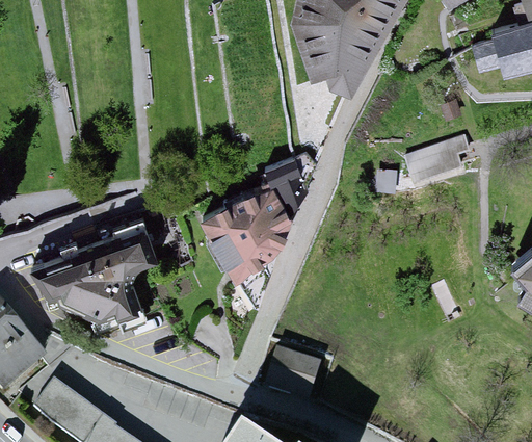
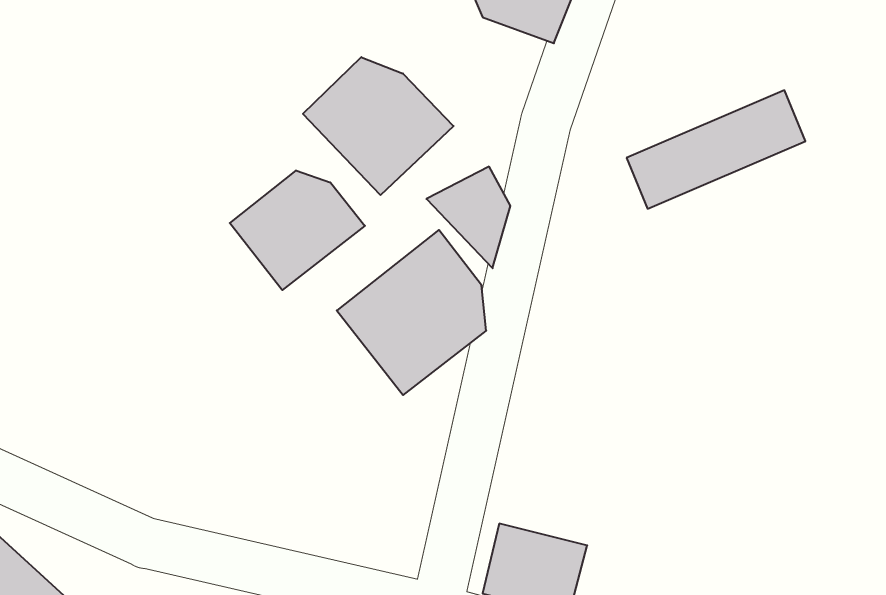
building: none -> [303,57,454,195]
building: none -> [230,170,365,290]
building: [29,226,149,319] -> none

